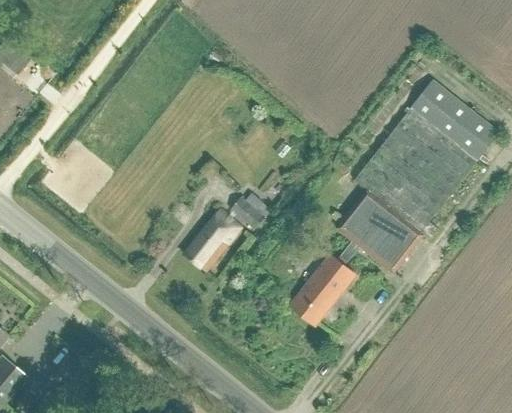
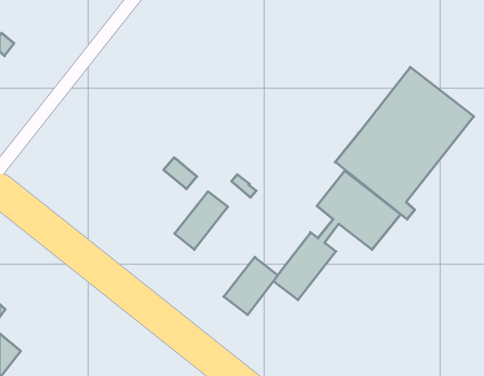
building: [230,196,265,229] -> [164,158,197,189]
building: none -> [224,257,278,315]

